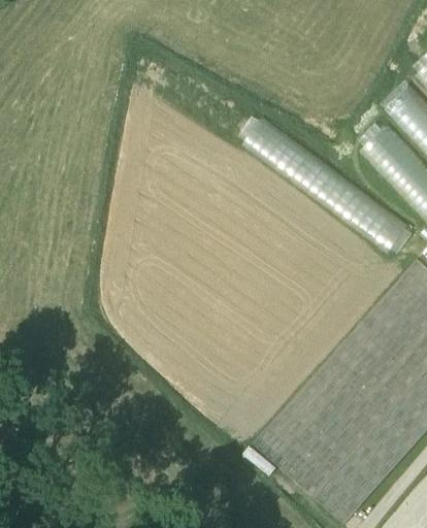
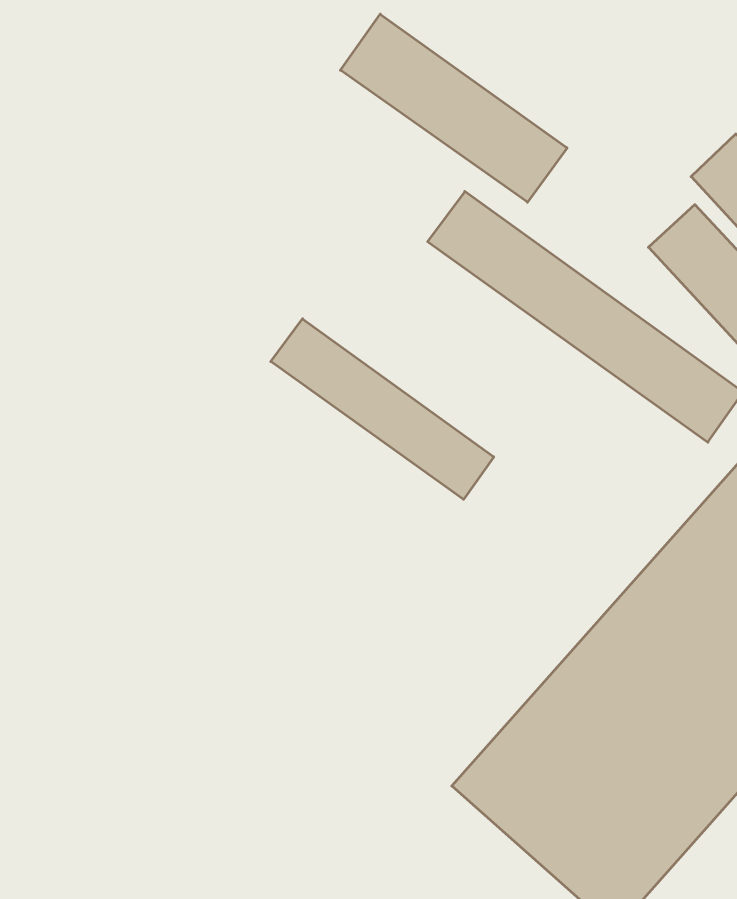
building: none -> [340,14,567,202]
building: none -> [271,319,494,499]

